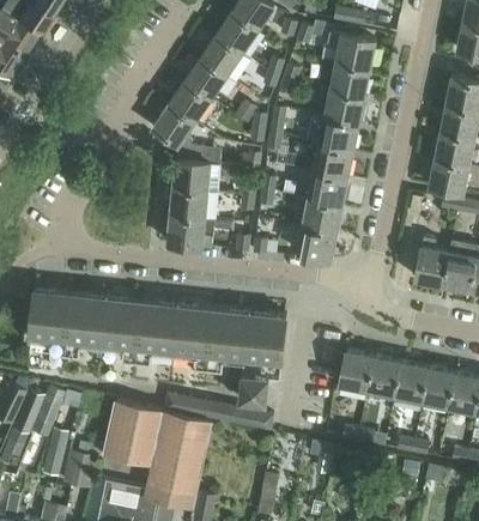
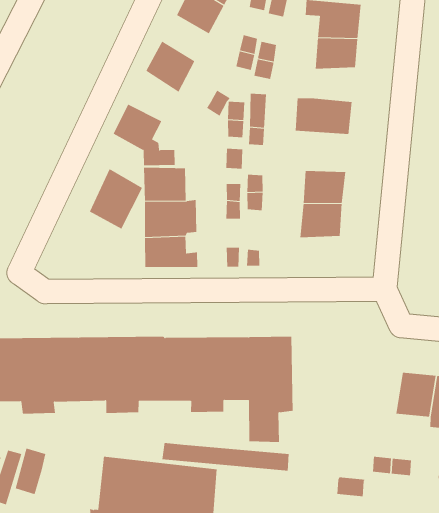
building: [202,32,250,78] -> none
building: [168,77,212,121] -> none
building: [323,91,364,122] -> none
building: [311,144,352,181] -> none
building: none -> [89,168,143,229]
building: [296,232,335,260] -> none
building: [338,350,375,399] -> none

